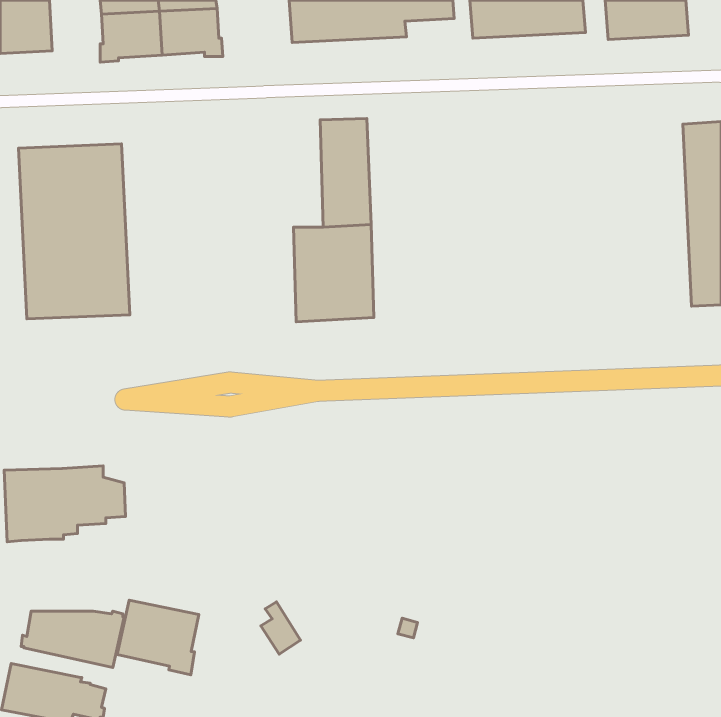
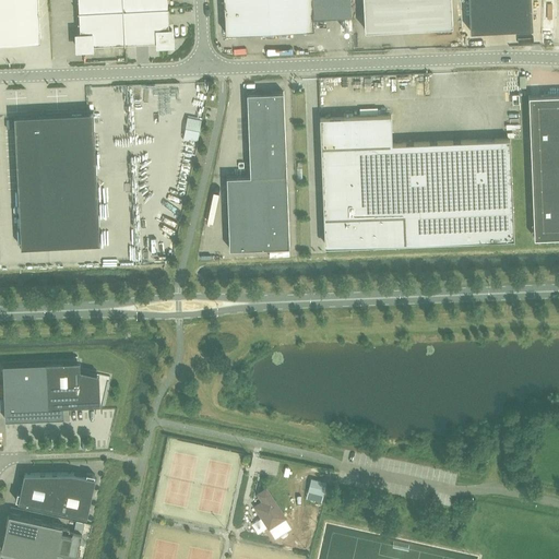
building: none -> [320,118,514,249]
building: [117,600,199,675] -> none
building: [261,602,300,654] -> [254,491,285,532]

